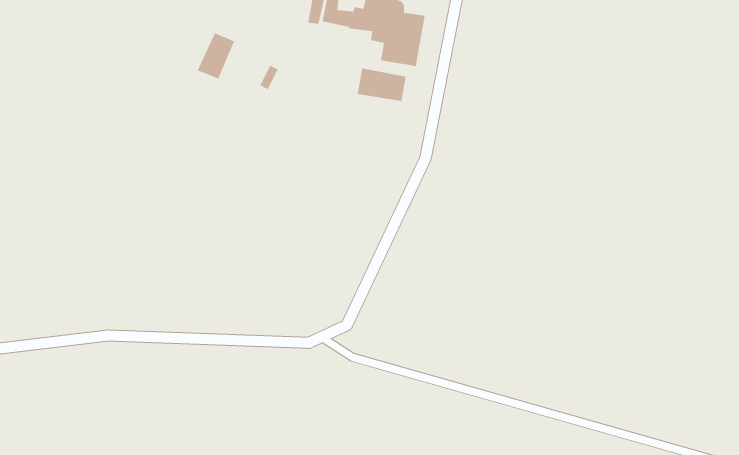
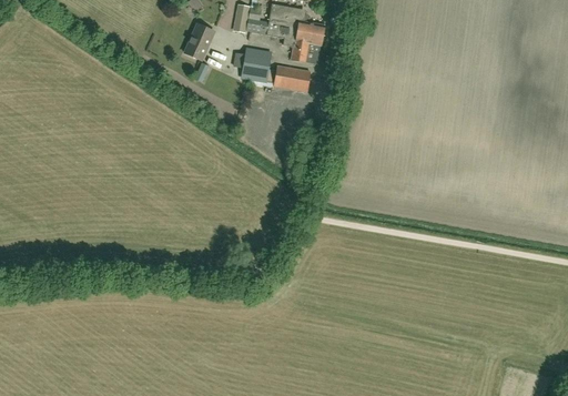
building: [197,33,235,79] -> [184,23,213,59]
building: none -> [234,48,271,81]

